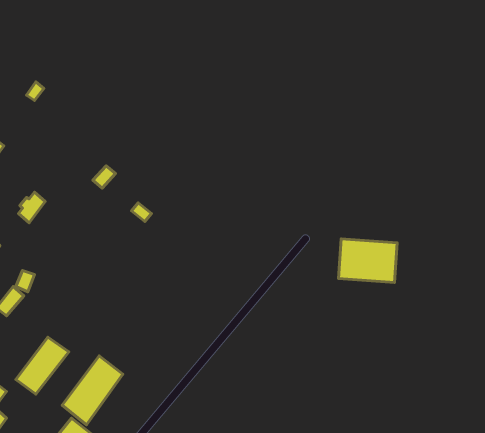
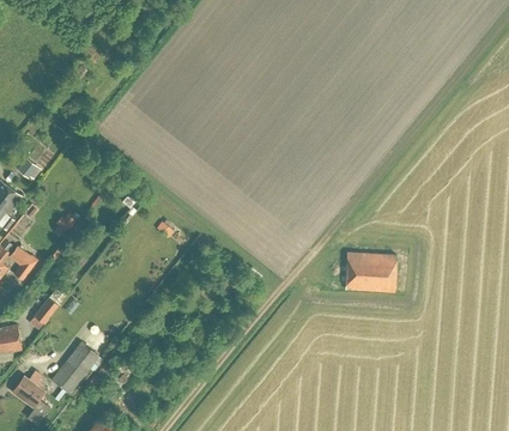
building: [62,356,123,425] -> none

